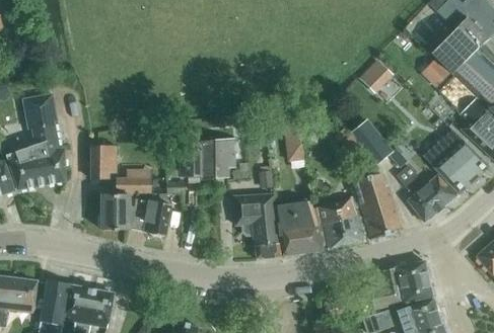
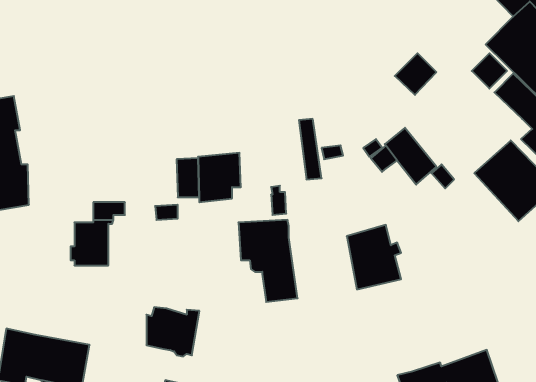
building: [91,145,116,178] -> none
building: [396,164,456,222] -> none
building: [352,172,403,238] -> none
building: [129,197,171,237] -> [146,307,199,356]
building: [274,201,323,256] -> none
building: [369,260,433,308] -> none

